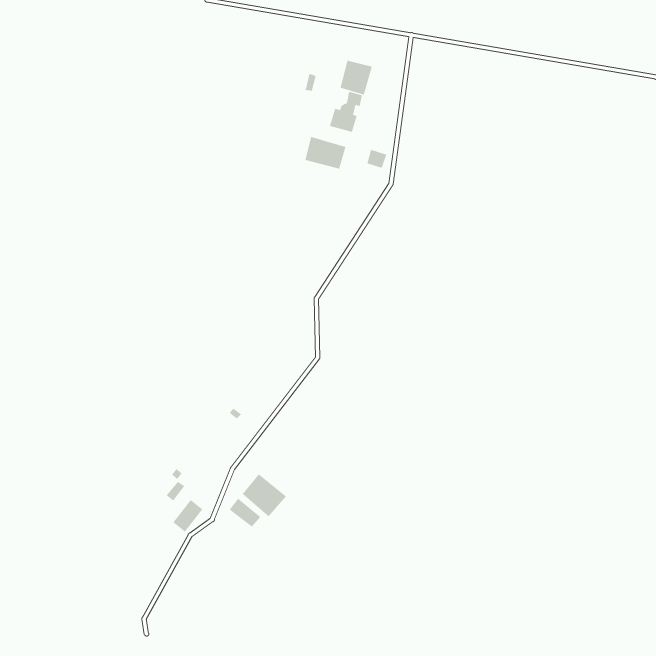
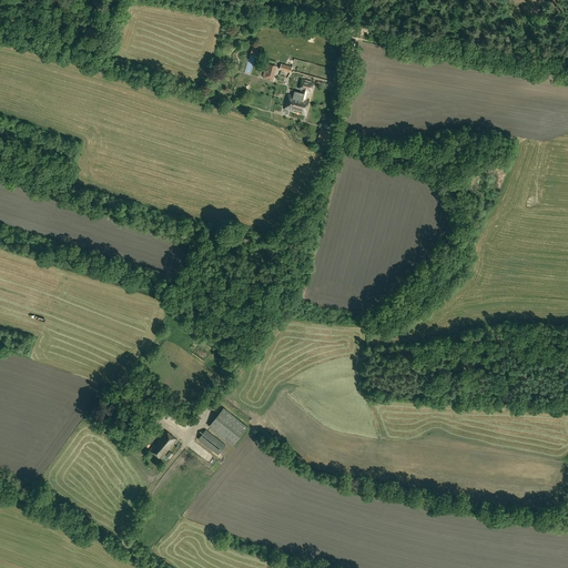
building: [340,60,373,95] -> none
building: [305,136,346,170] -> none

